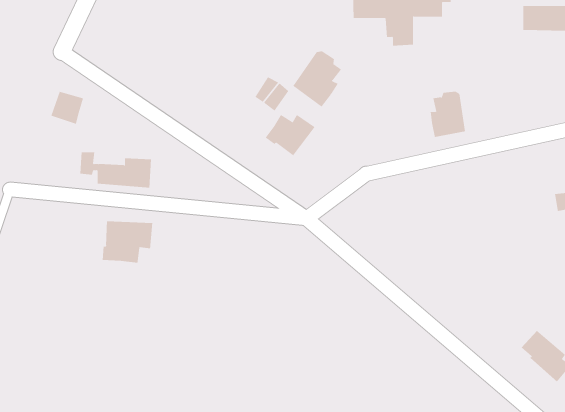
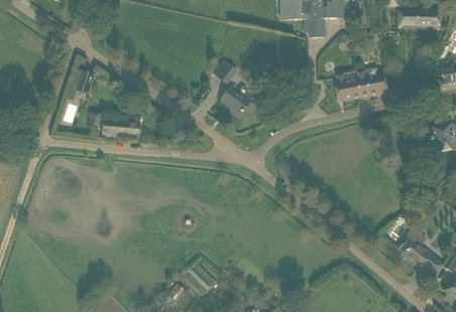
building: [293,51,342,107] -> none
building: none -> [355,67,387,98]
building: [102,221,153,264] -> none

